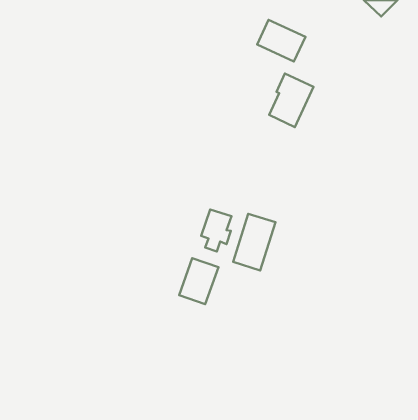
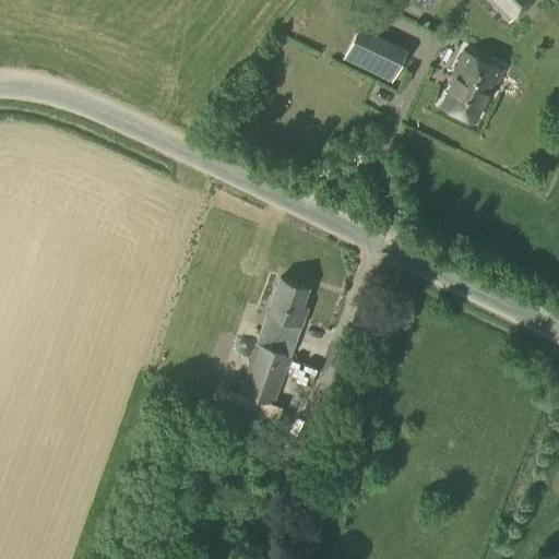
building: [269,74,314,127] -> [443,52,502,123]
building: [233,214,275,270] -> none

